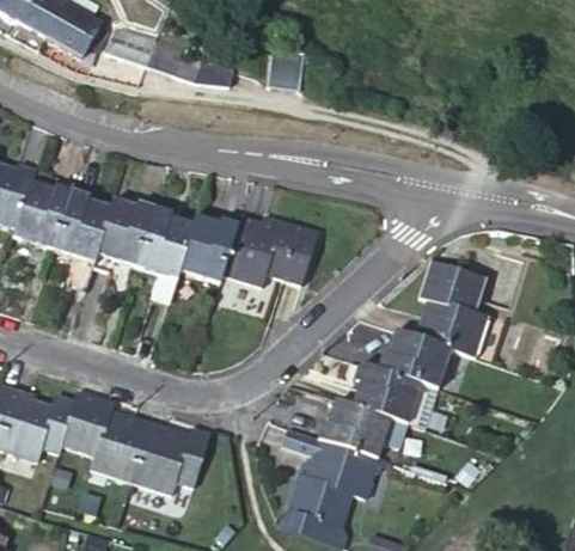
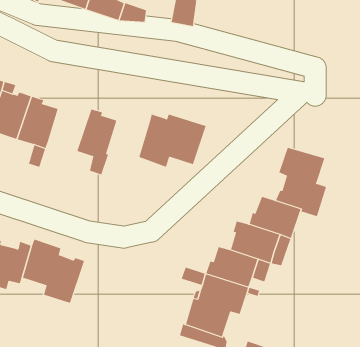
building: [94,198,154,267] -> none
building: [177,215,237,283] -> none
building: [126,421,208,495] -> none

